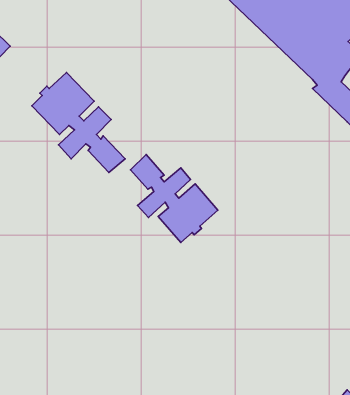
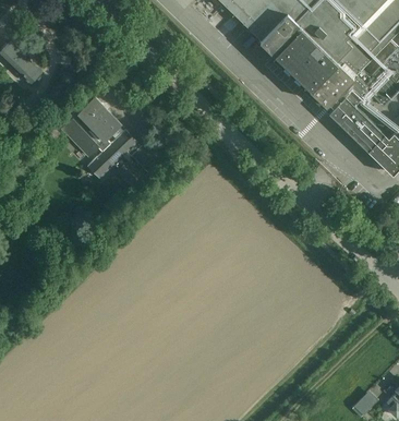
building: [131,155,218,242] -> none

